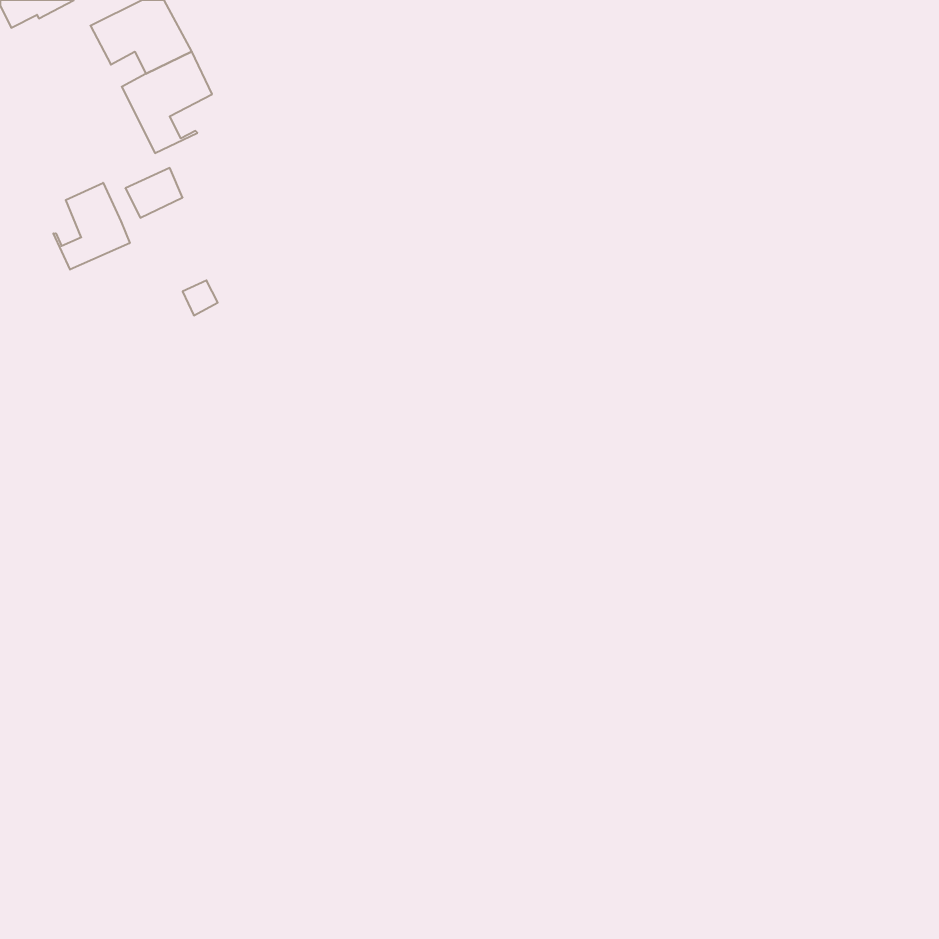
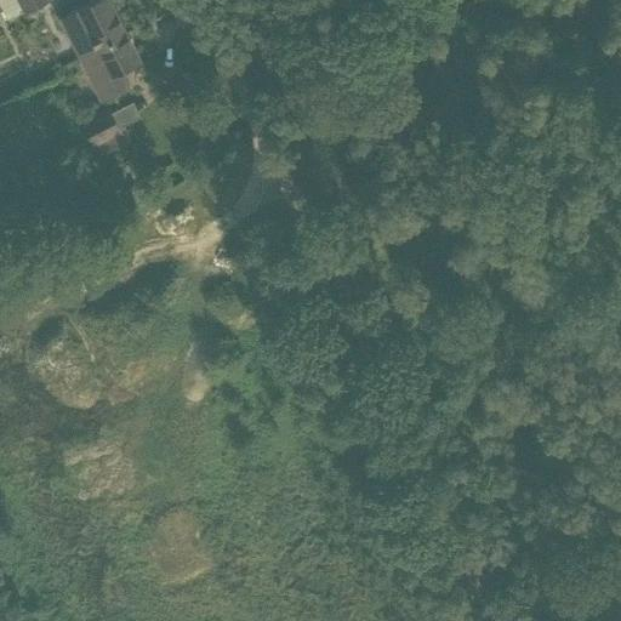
building: [53,183,130,270] -> none

